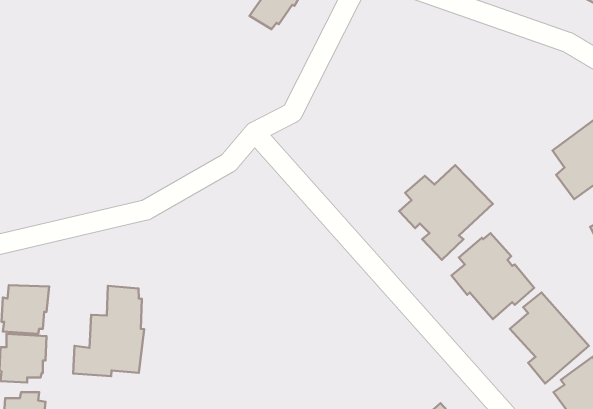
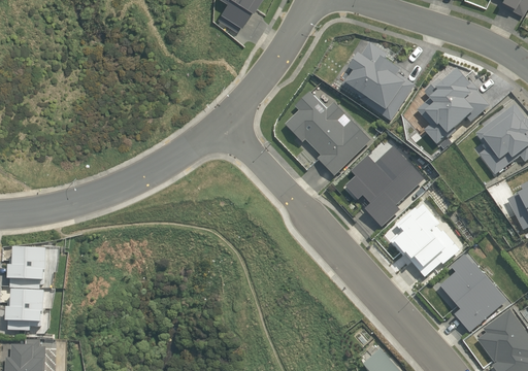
building: none -> [341,42,415,121]
building: none -> [417,69,489,144]
building: none -> [285,92,370,175]
building: [73,286,144,376] -> none

